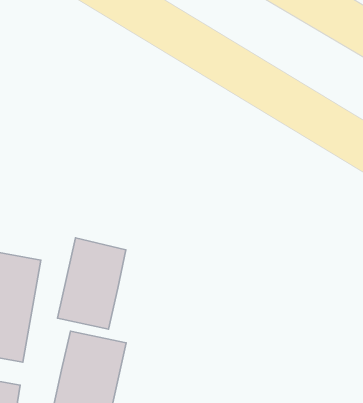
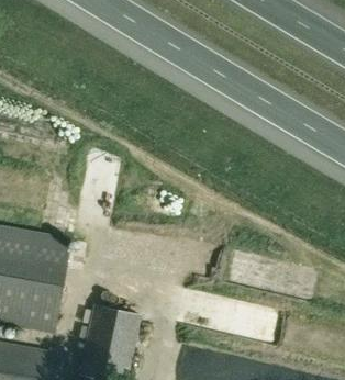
building: [58,238,126,329] -> none

